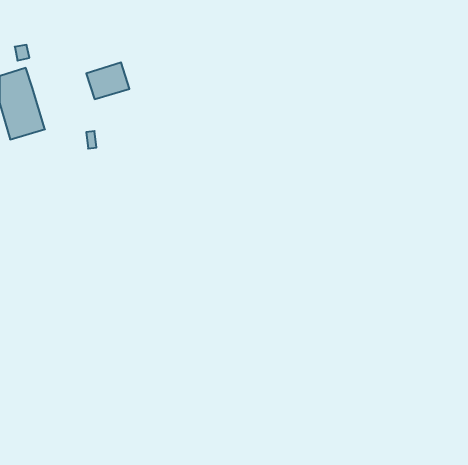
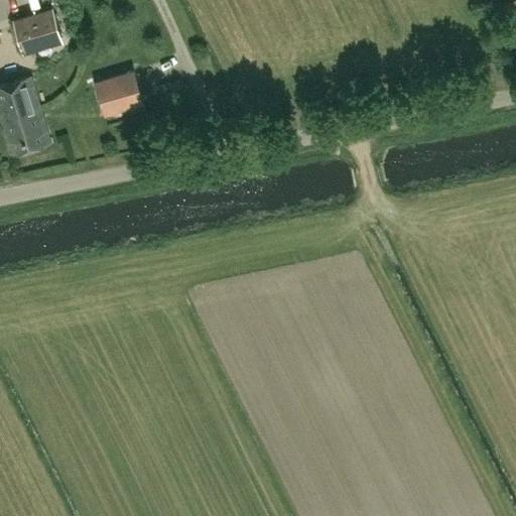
building: none -> [13,11,60,51]

